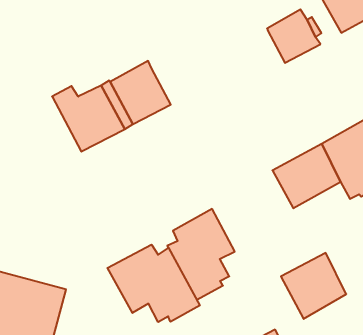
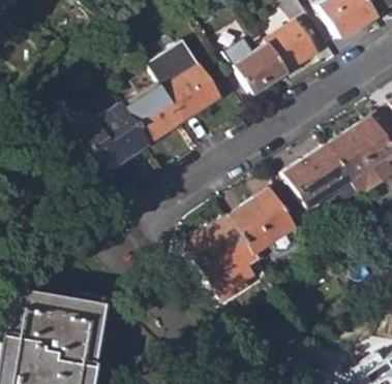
building: none -> [146,39,222,120]
building: none -> [236,42,288,94]
building: [107,245,200,322] -> none
building: [281,253,346,319] -> [231,189,294,253]

